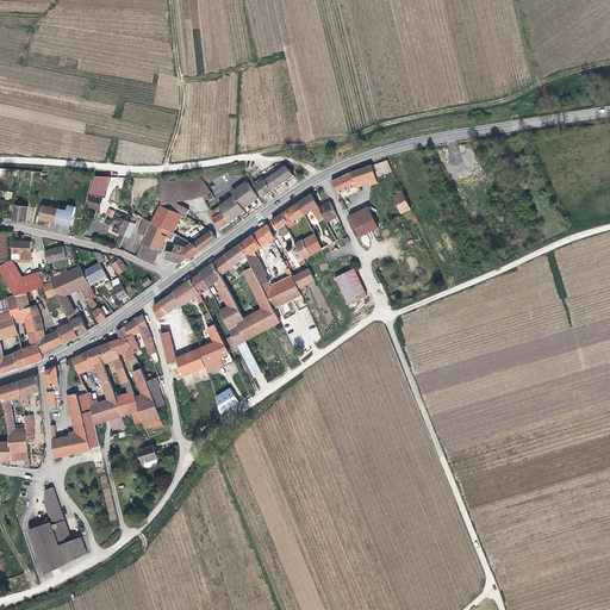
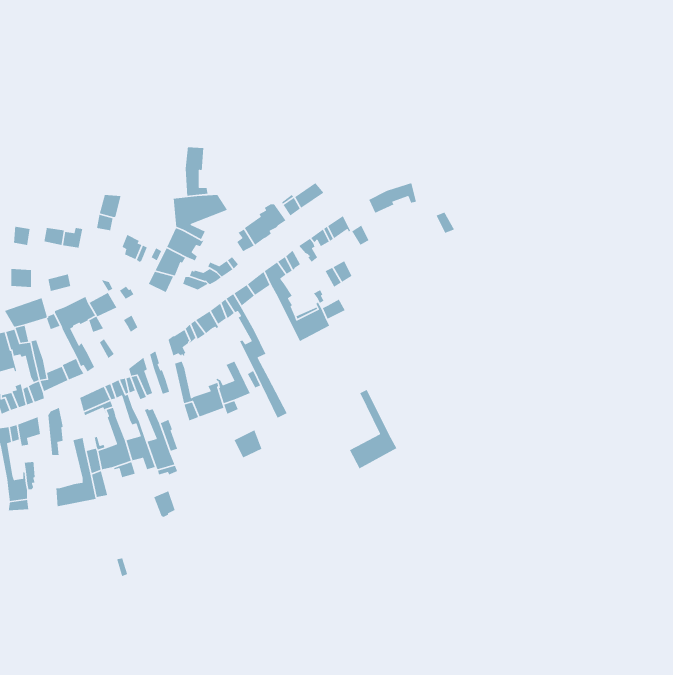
building: none -> [185,147,209,197]
building: [349,204,379,235] -> none
building: [234,268,278,341] -> [349,389,398,470]
building: [335,268,367,304] -> none
building: [26,488,83,574] -> none

